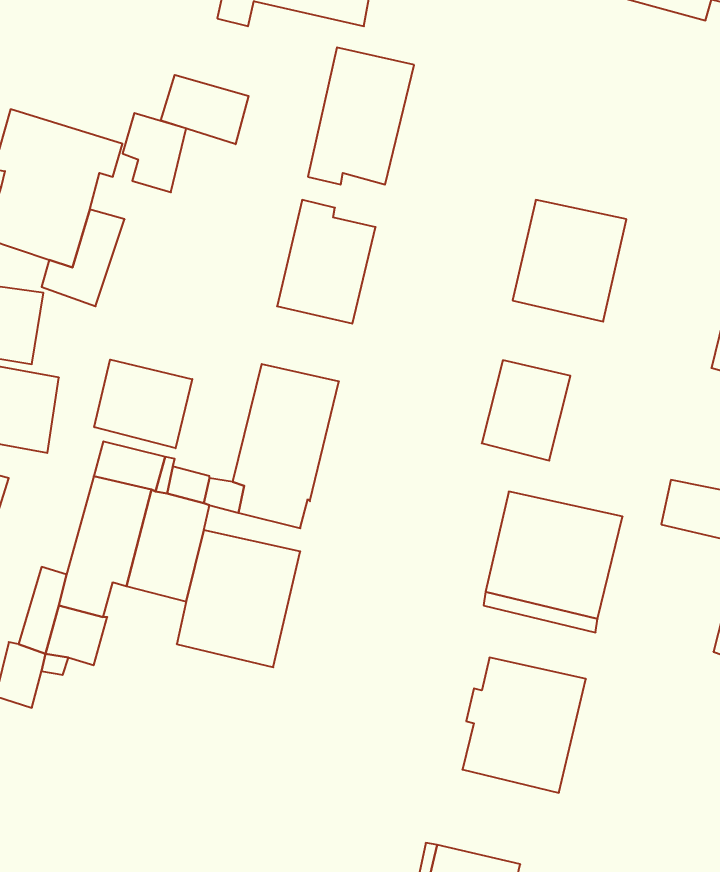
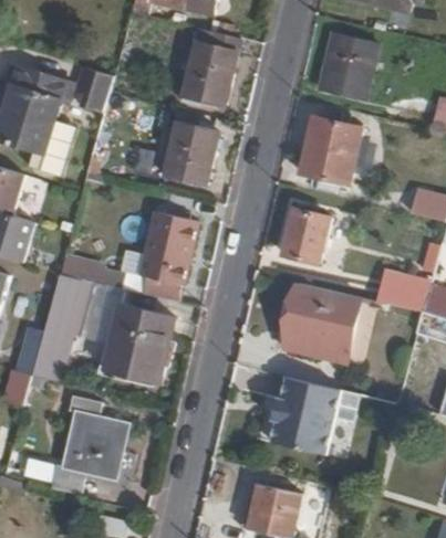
building: none -> [317,32,380,102]
building: [161,75,249,144] -> none
building: [94,360,192,448] -> none
building: none -> [51,397,128,494]

